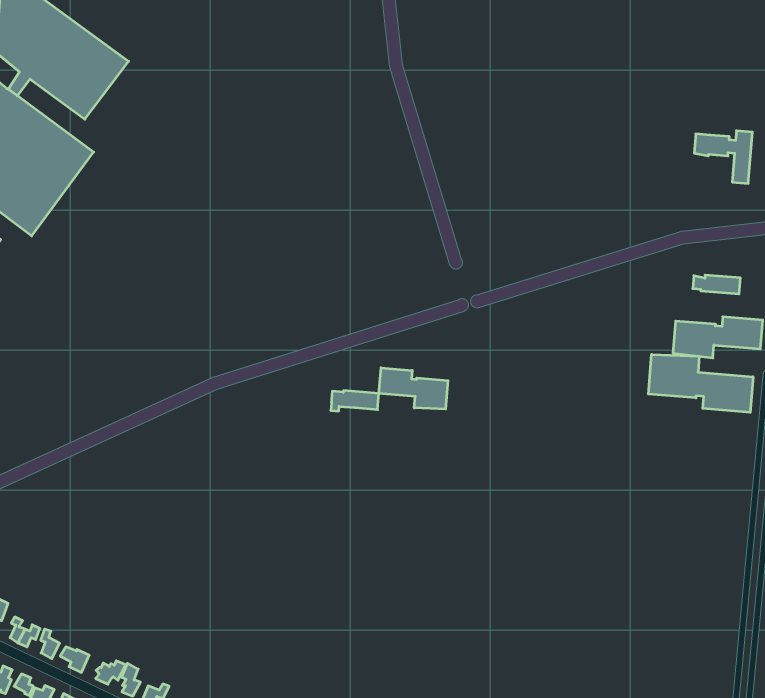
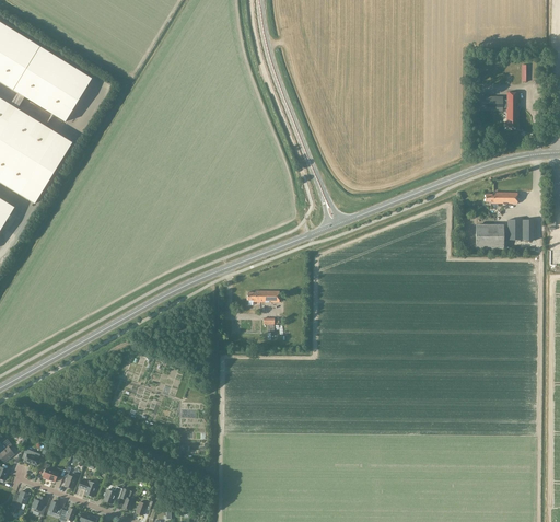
building: [648,354,753,412] -> none
building: [379,368,448,409] -> none

